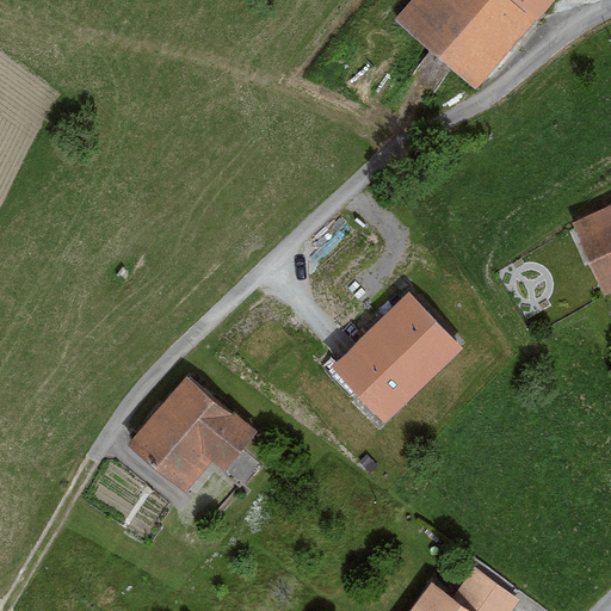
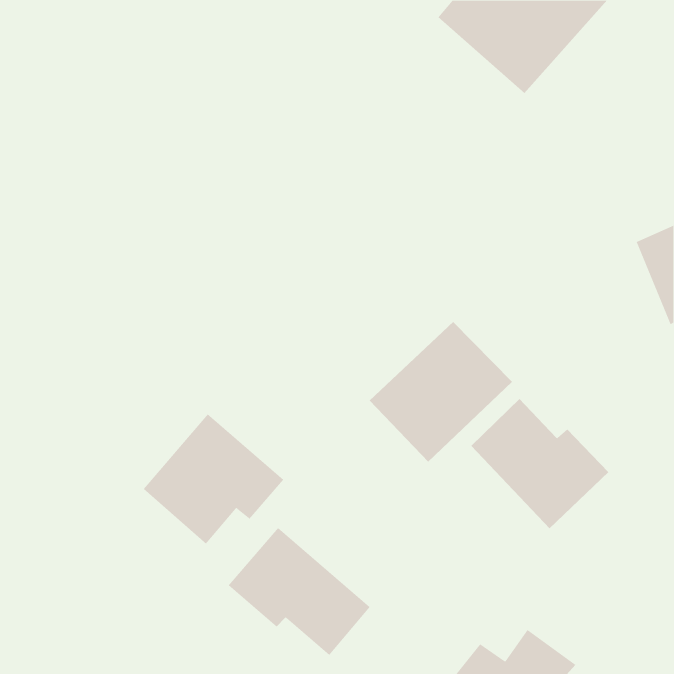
building: none -> [470,398,609,529]
building: none -> [228,527,370,656]

